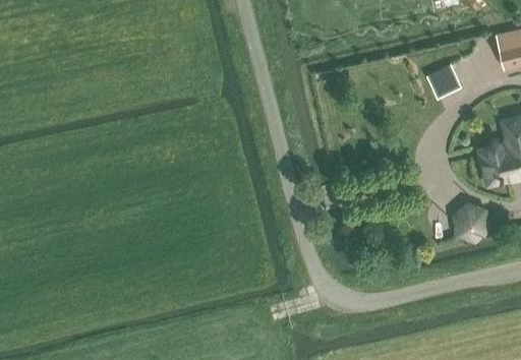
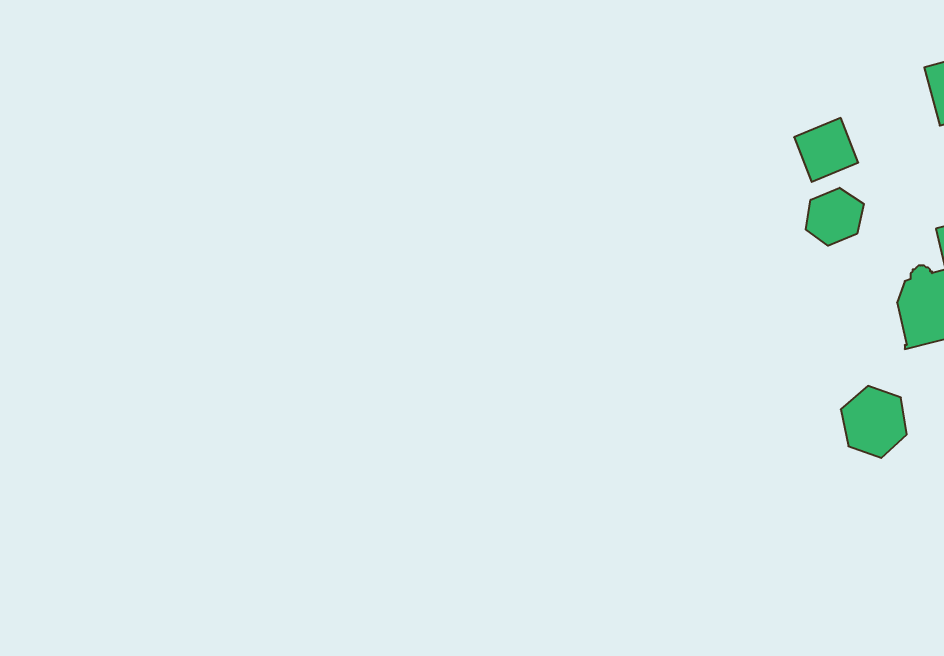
building: none -> [806,188,864,246]

